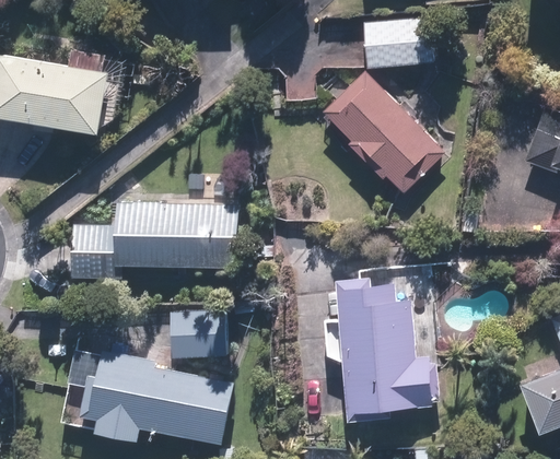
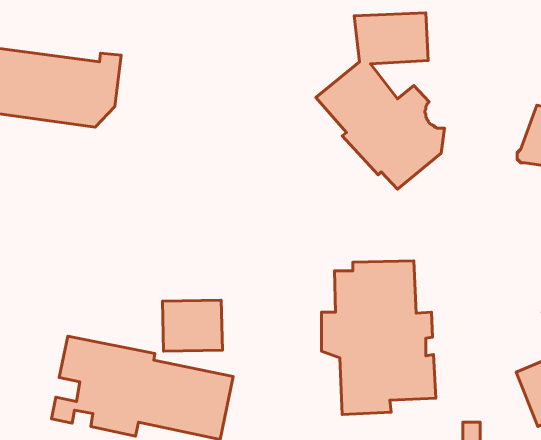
building: [63,176,240,283] -> none

